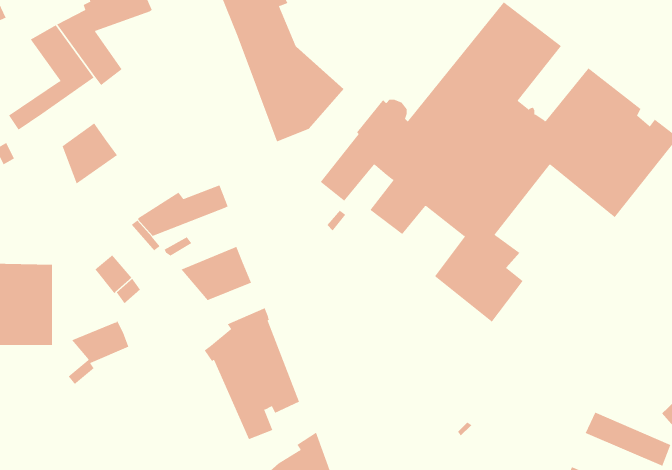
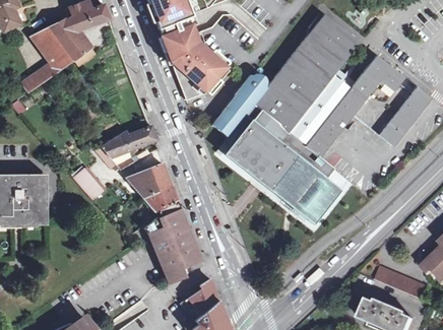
building: [62,123,118,185] -> none
building: none -> [226,119,341,221]
building: [68,320,129,385] -> [141,184,179,223]

